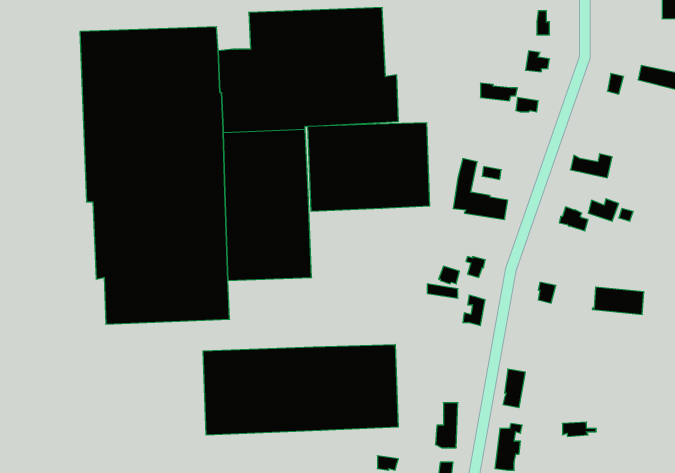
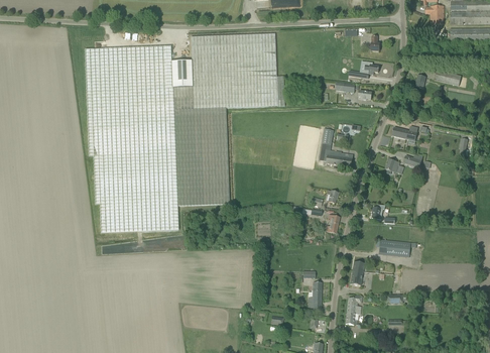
building: [308,123,430,211] -> none
building: [592,287,644,314] -> [378,239,410,256]
building: [203,344,398,435] -> none

